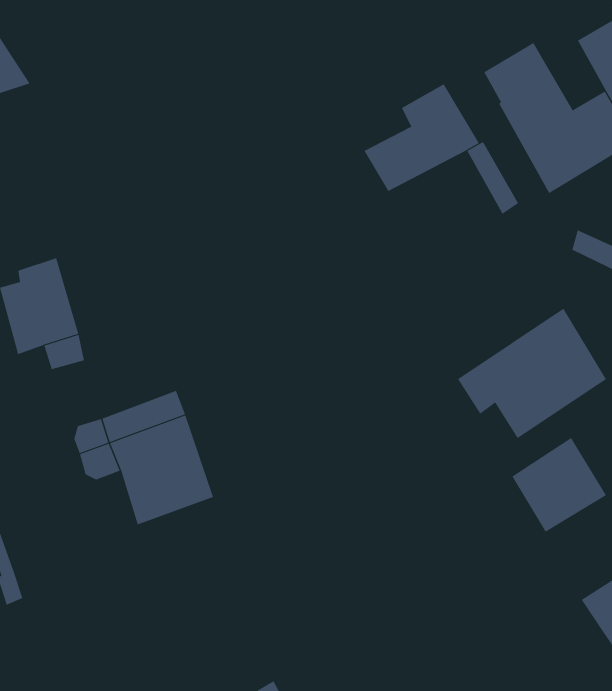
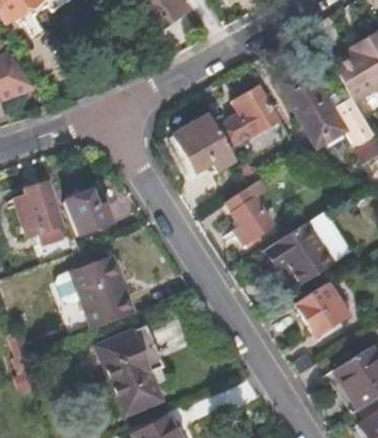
building: none -> [173,114,235,173]
building: none -> [225,181,273,248]
building: none -> [63,190,112,236]
building: none -> [98,326,162,414]

